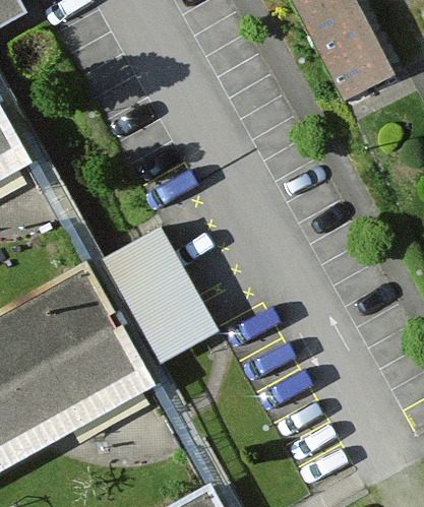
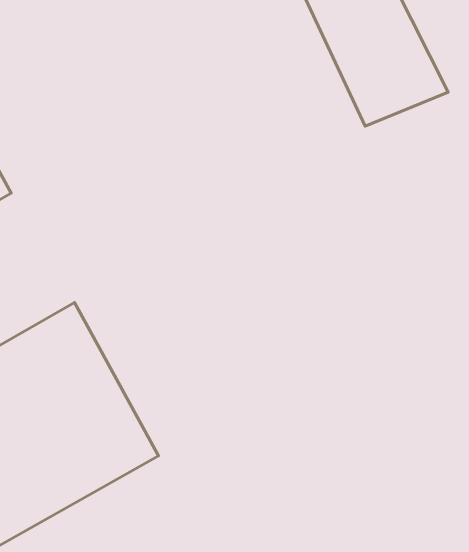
building: [103,210,223,348] -> none

